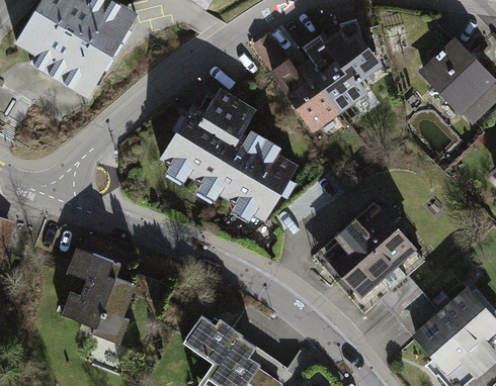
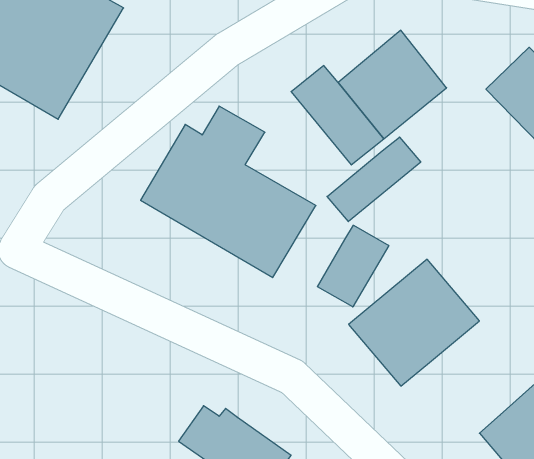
building: none -> [327,137,421,222]
building: none -> [317,225,389,307]
building: [73,246,136,336] -> none

